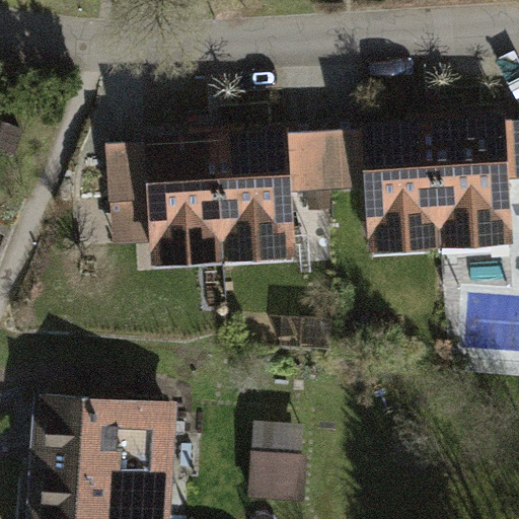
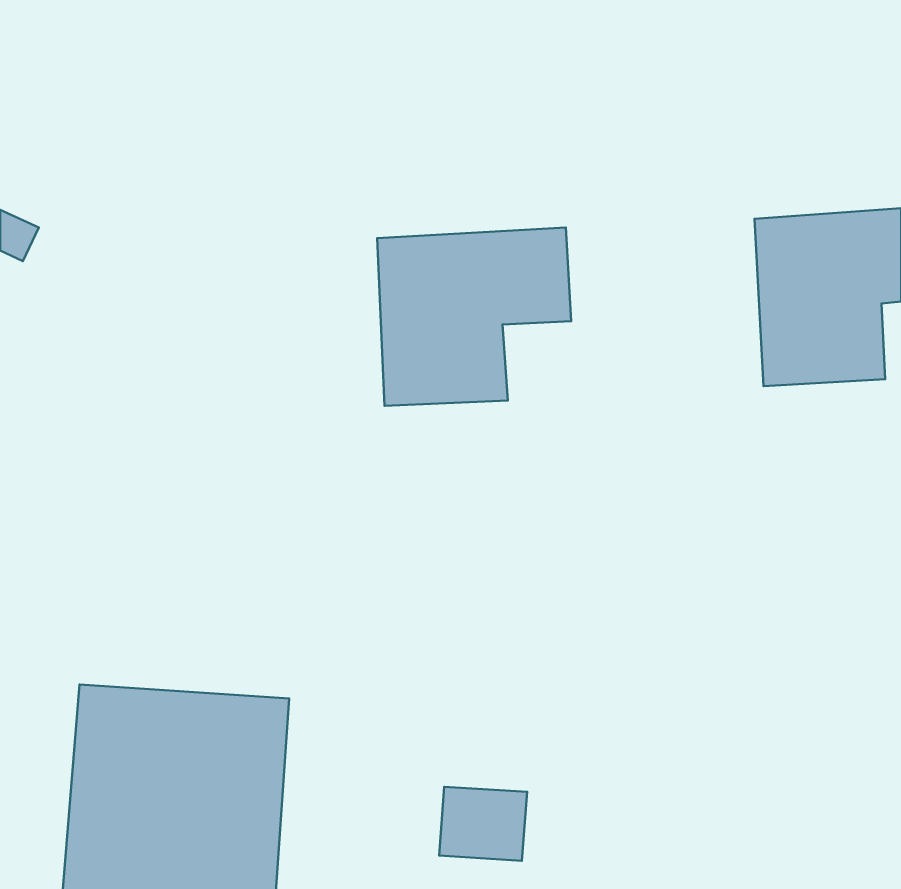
building: [325,133,439,233] -> none
building: [108,144,221,244] -> none

